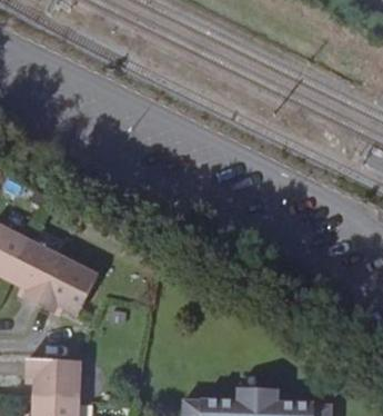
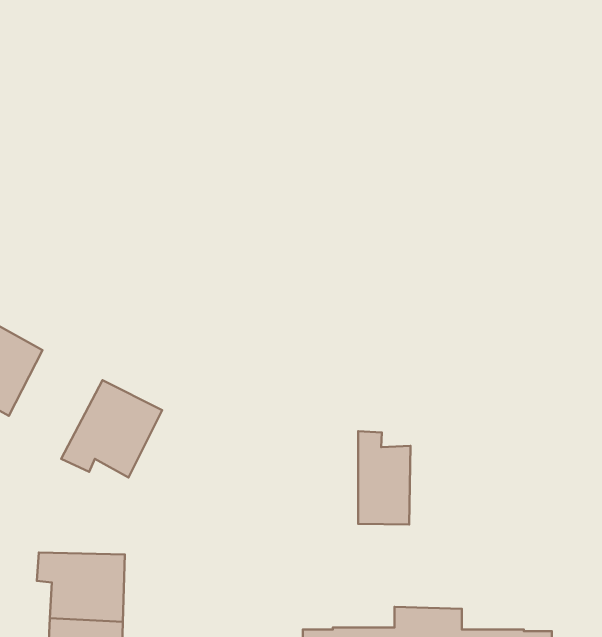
building: [11,238,67,303] -> none
building: none -> [358,431,410,525]

